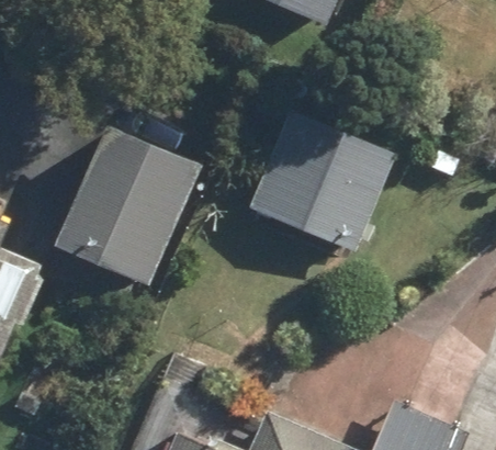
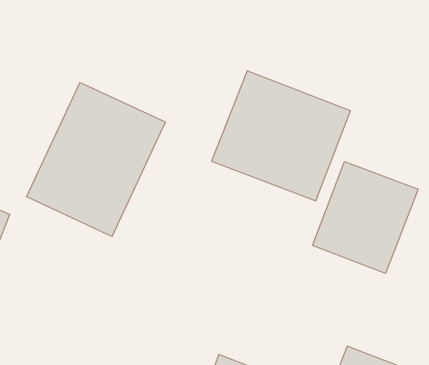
building: none -> [312,162,418,273]

